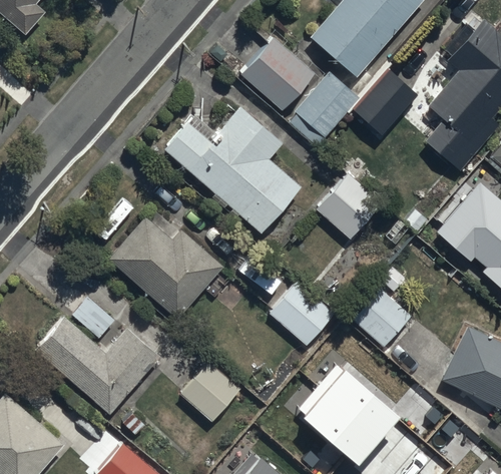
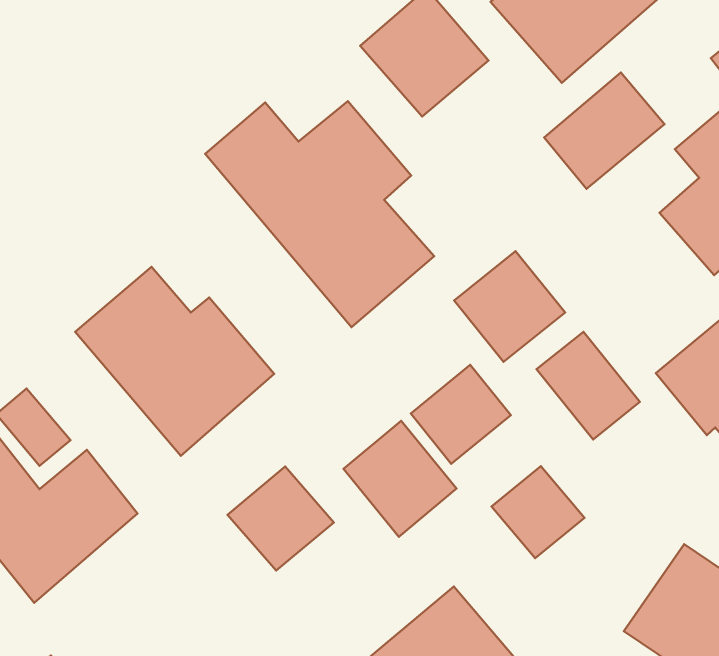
building: [290,72,361,148] -> none
building: none -> [537,332,640,440]
building: none -> [411,365,511,464]
building: [179,363,239,422] -> [228,467,334,571]

